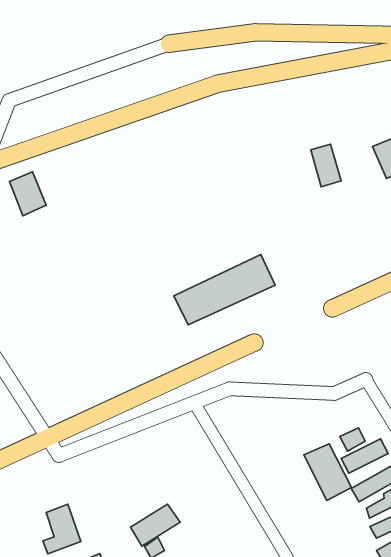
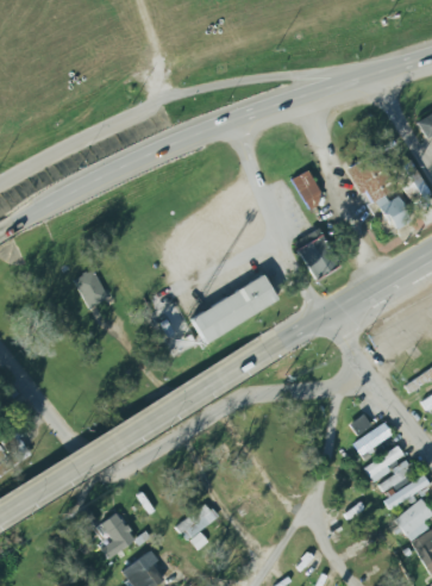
building: [9,172,46,216] -> [74,268,108,307]
building: none -> [296,230,342,282]
building: [304,444,351,501] -> none

